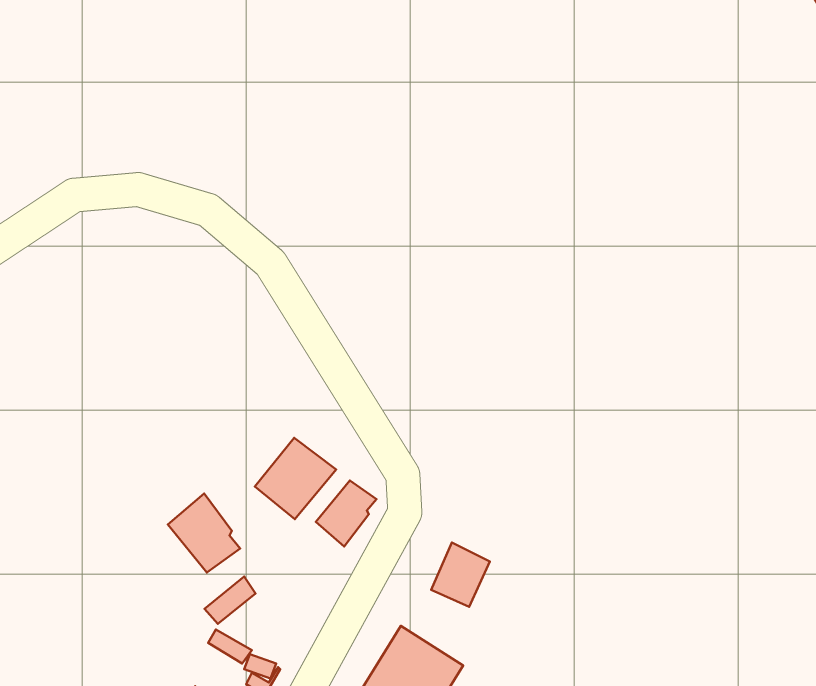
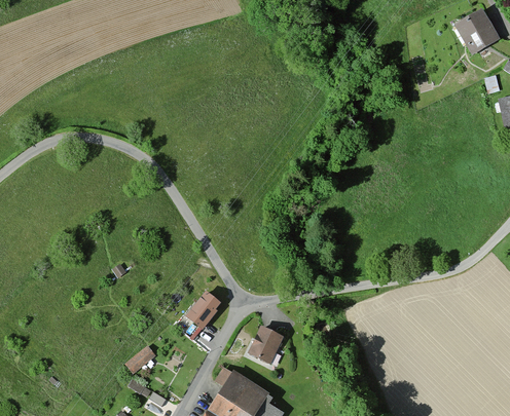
building: [255,438,336,519] -> none
building: [168,494,240,572] -> none

